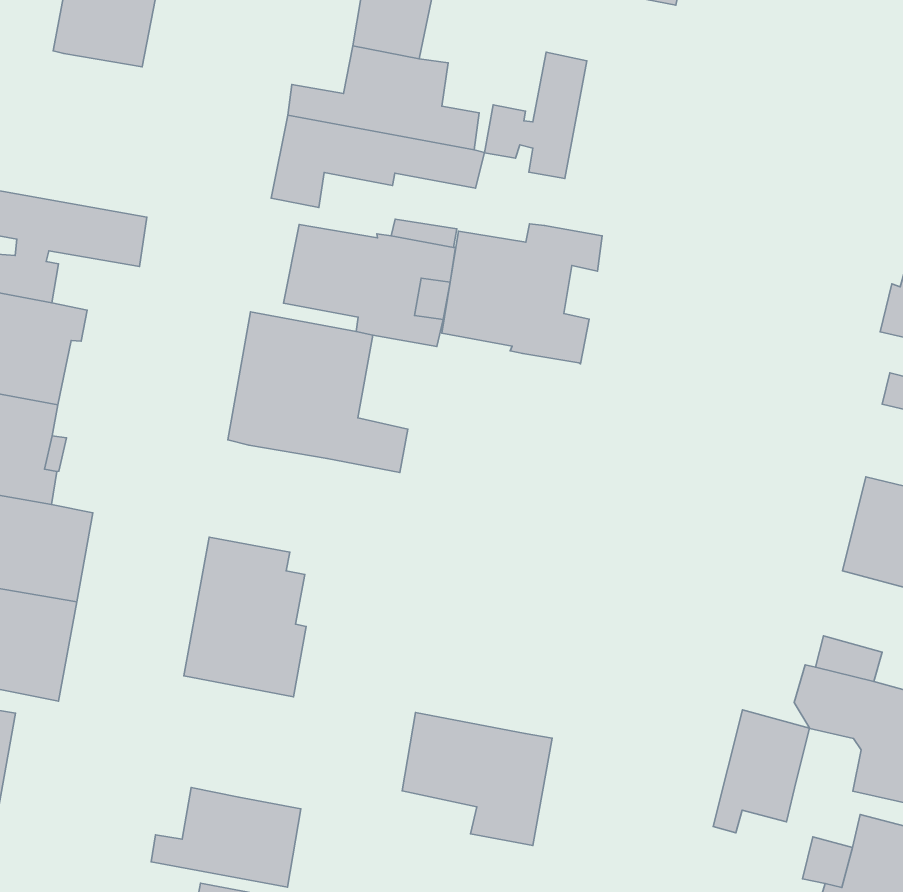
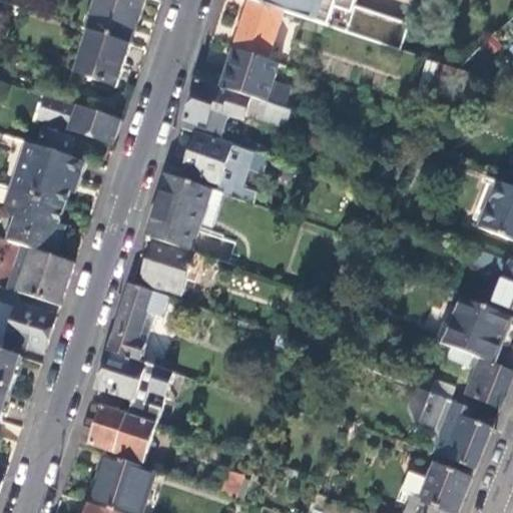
building: [485,52,587,179] -> none
building: none -> [75,31,127,86]
building: [442,224,602,364] -> none
building: none -> [140,238,192,294]
building: [713,710,810,833] -> none
building: [402,712,552,846] -> [94,349,172,423]

